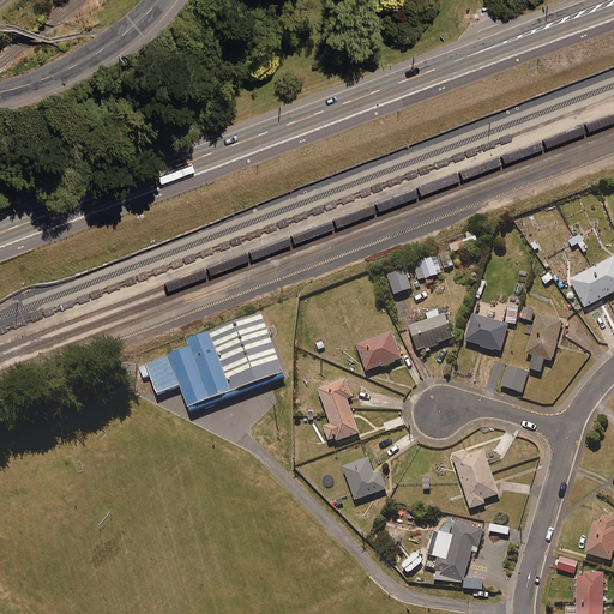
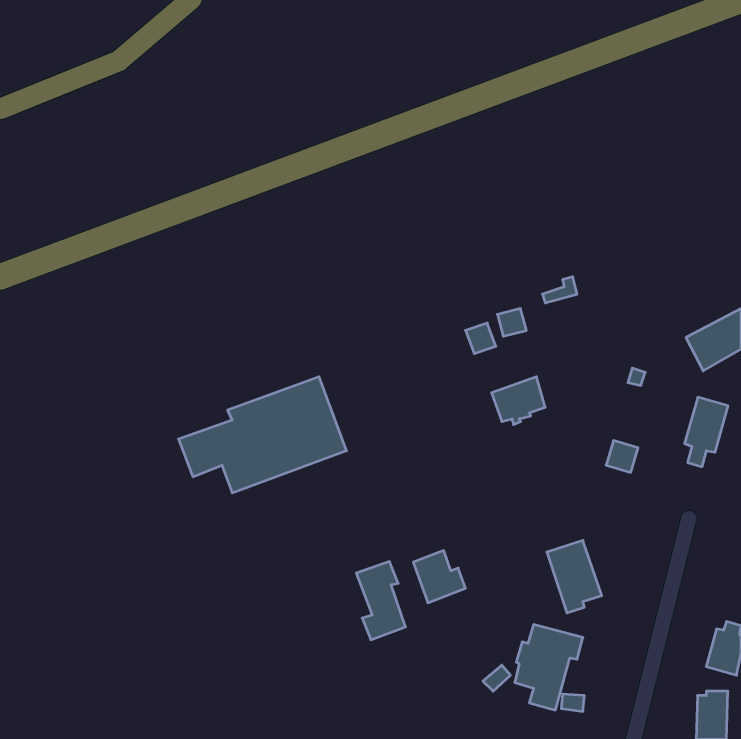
building: [464,303,517,350] -> none
building: [525,313,561,371] -> [685,397,728,467]
building: [355,330,401,371] -> none
building: [317,378,357,443] -> [356,562,406,640]

